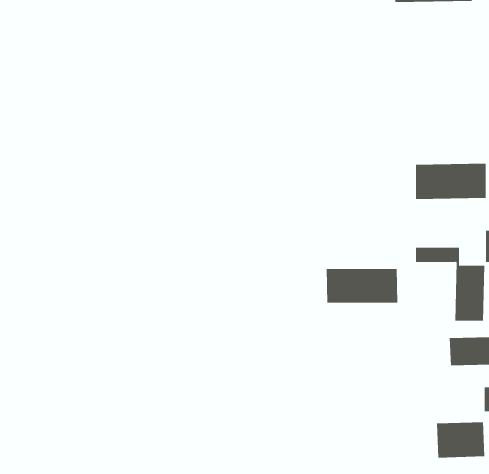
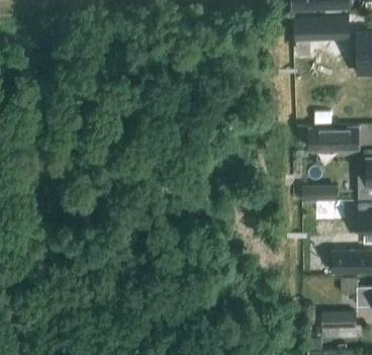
building: none -> [294,18,336,42]
building: [326,268,398,304] -> none

